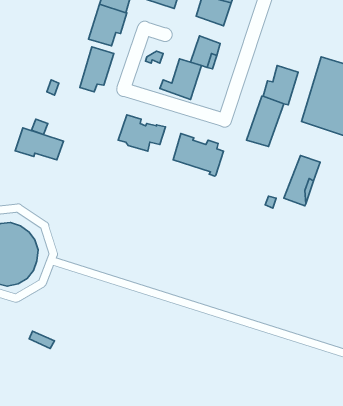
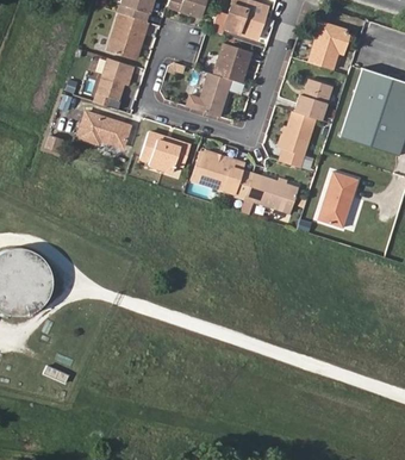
building: none -> [306,17,348,68]
building: [15,128,63,160] -> [79,112,131,147]
building: none -> [244,170,297,211]

